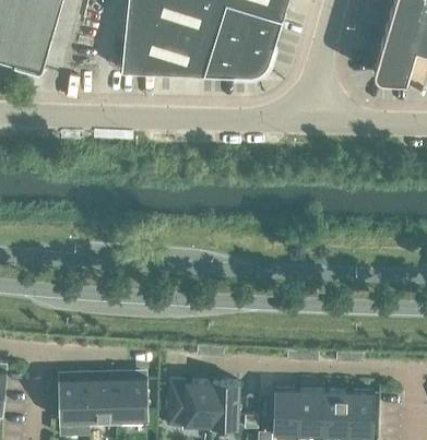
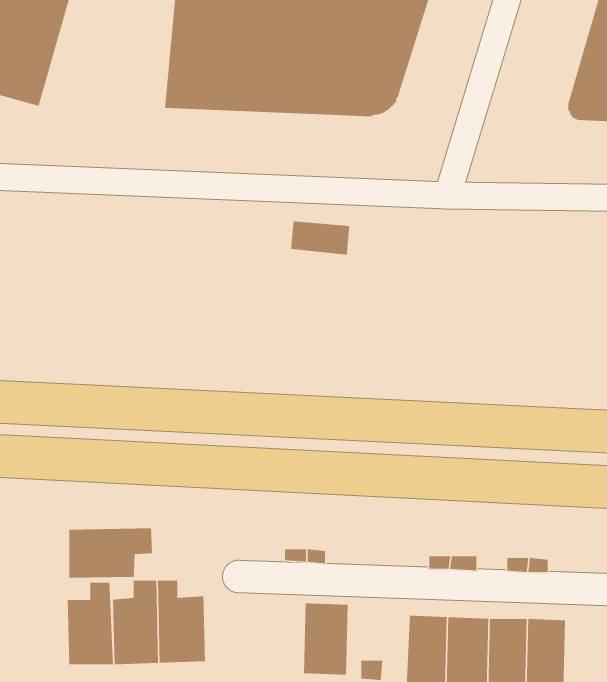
building: none -> [290,221,350,256]
building: none -> [68,527,153,579]
building: [165,382,209,428] -> none

